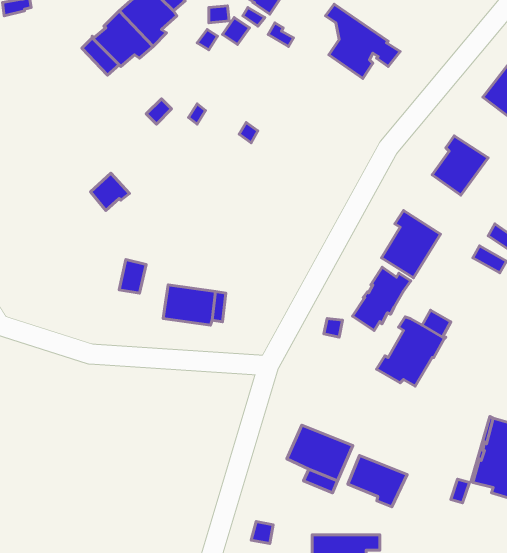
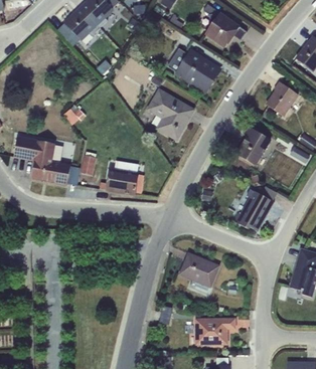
building: none -> [167,47,219,89]
building: none -> [145,88,193,140]
building: none -> [13,137,70,184]
building: [353,267,411,330] -> none
building: [348,456,407,507] -> none

